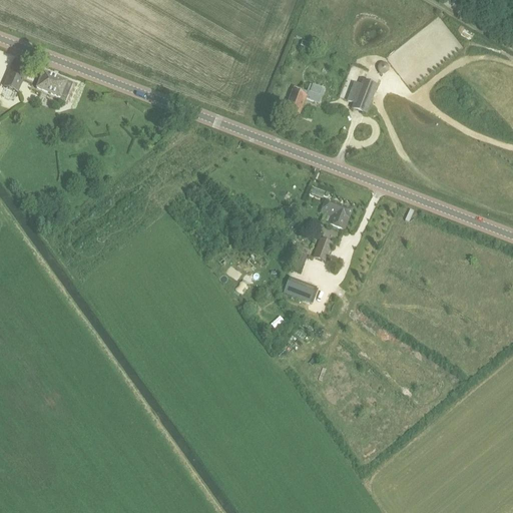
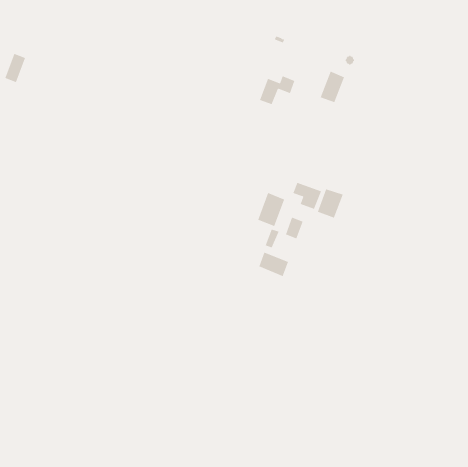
building: [34,69,70,98] -> none
building: none -> [317,188,343,218]
building: none -> [257,192,285,227]

